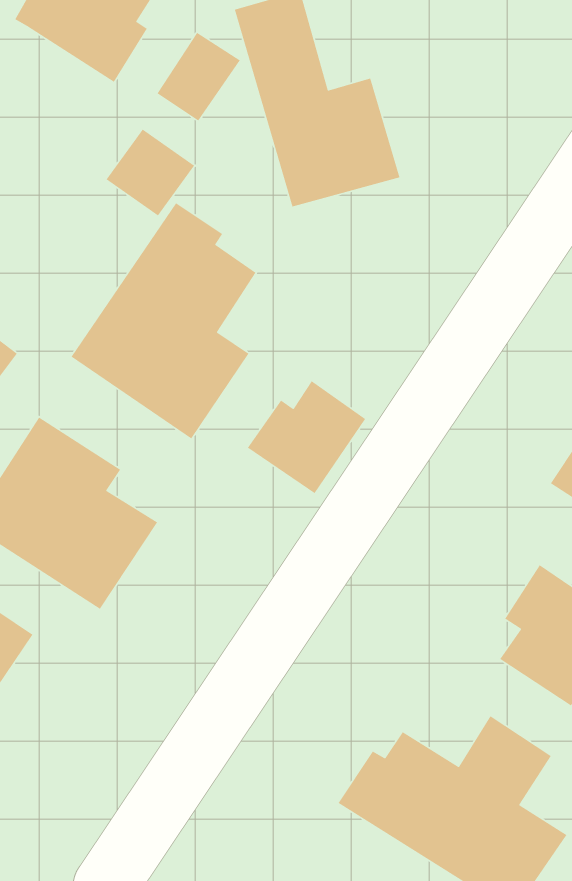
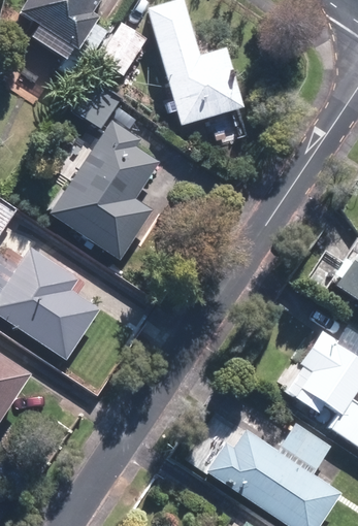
building: [247,380,366,494] -> none

